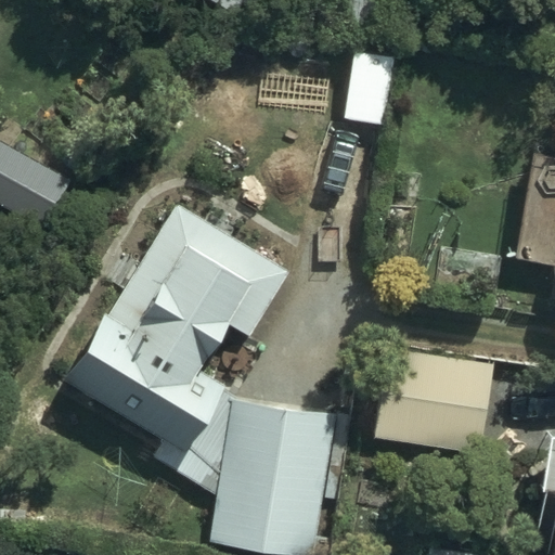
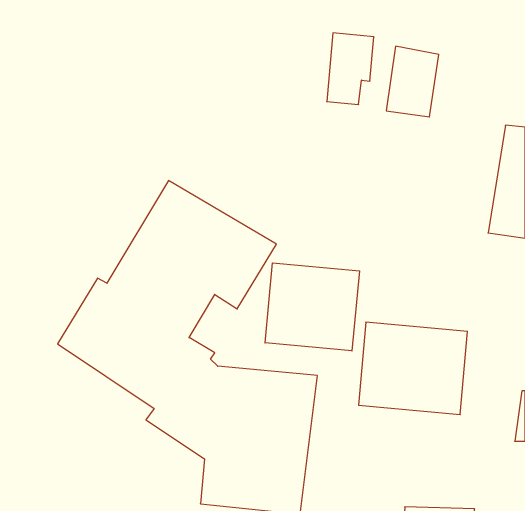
building: none -> [265,263,360,351]

